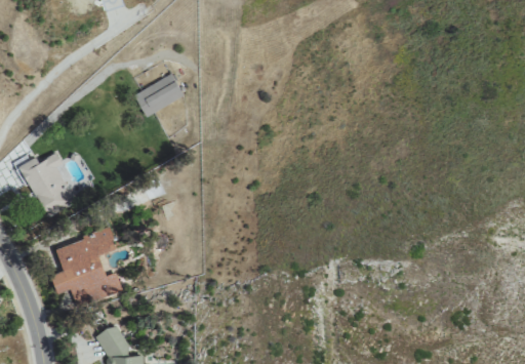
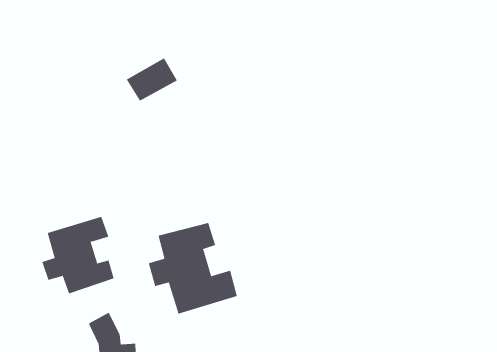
building: [19,152,77,219] -> none
building: none -> [148,222,238,314]

